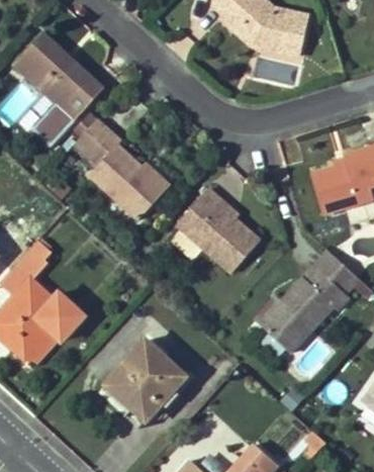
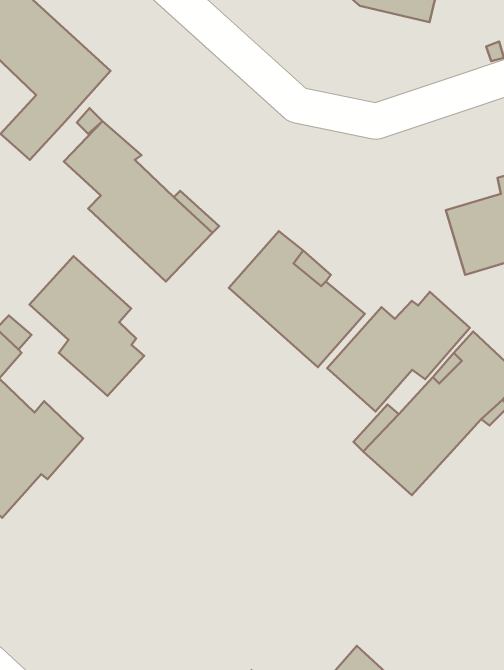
building: none -> [29,256,144,396]
building: none -> [327,292,470,411]
building: [105,340,185,416] -> none

